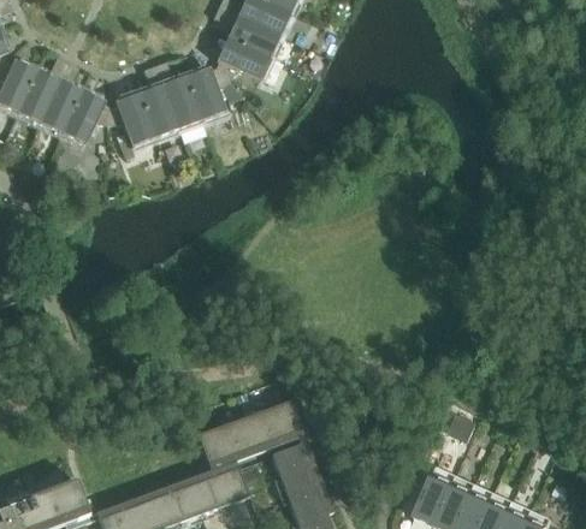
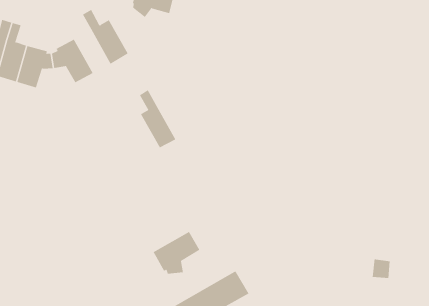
building: [140,65,178,137] -> [139,90,176,148]
building: [185,66,229,120] -> none
building: none -> [153,231,200,274]

